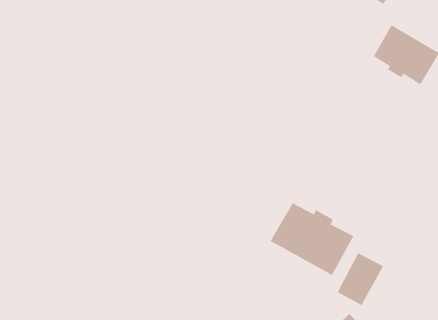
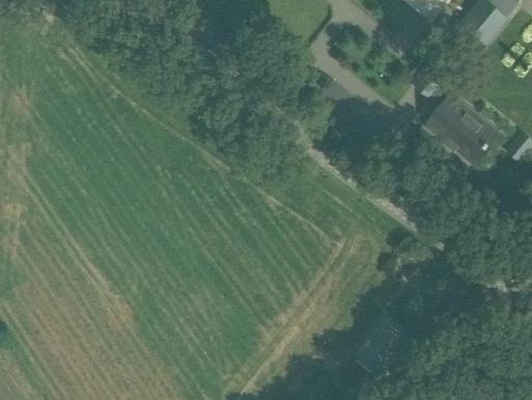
building: [270,202,354,276] -> none

